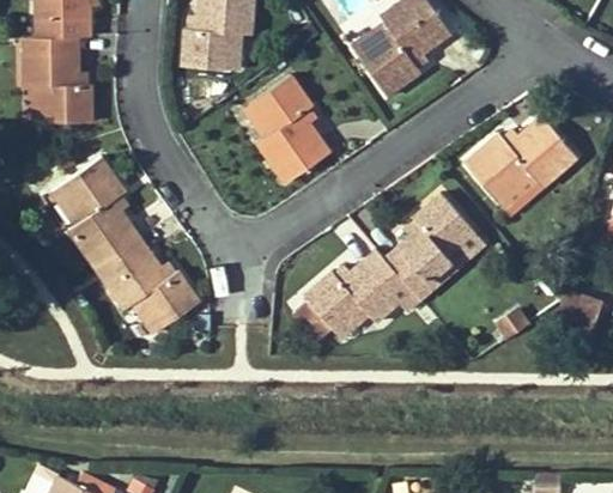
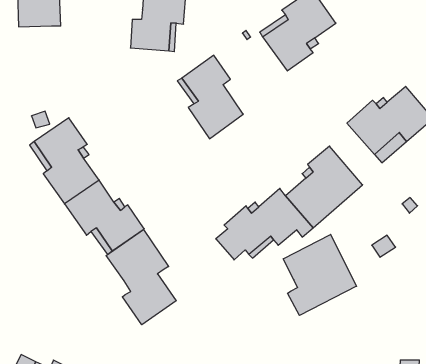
building: [24,37,92,123] -> none
building: none -> [106,229,176,325]
building: none -> [283,234,357,315]

